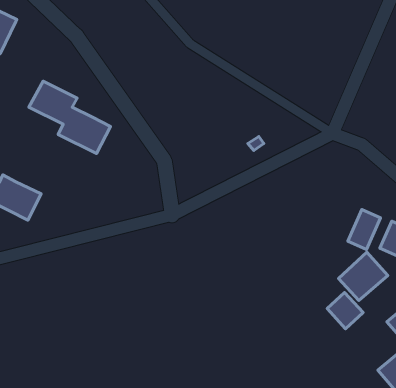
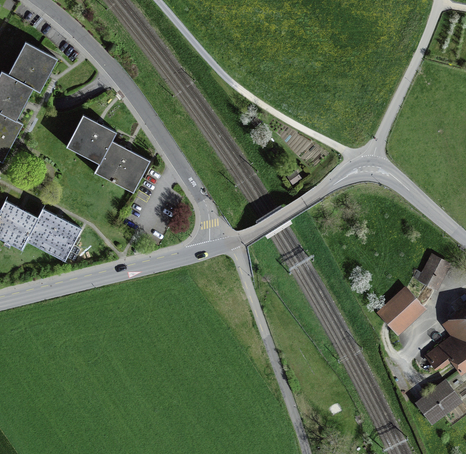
building: [348,210,381,249] -> none
building: [327,292,363,329] -> none

